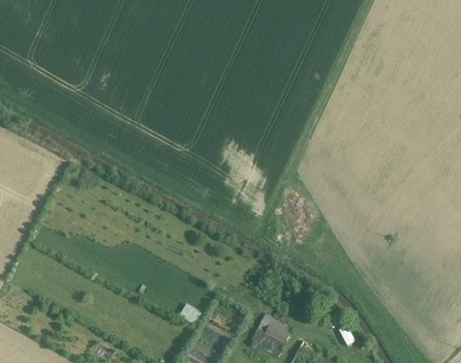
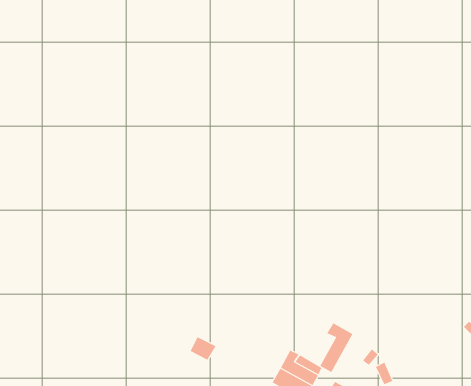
building: none -> [319,322,353,373]

